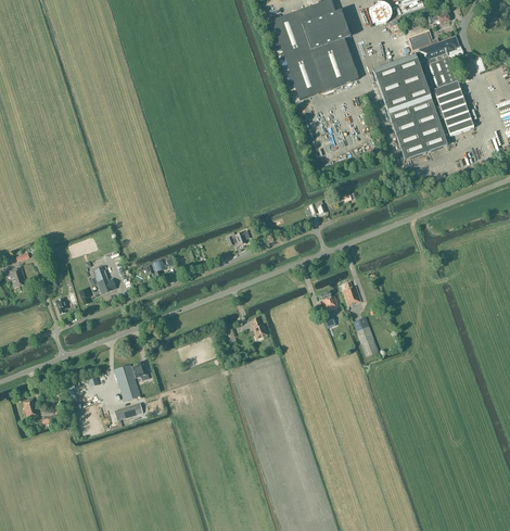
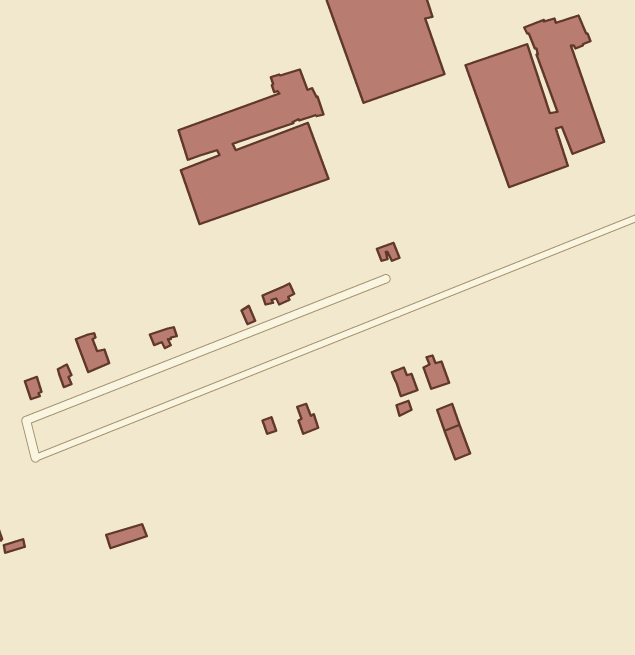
building: none -> [178,69,329,224]
building: [114,361,149,401] -> none

